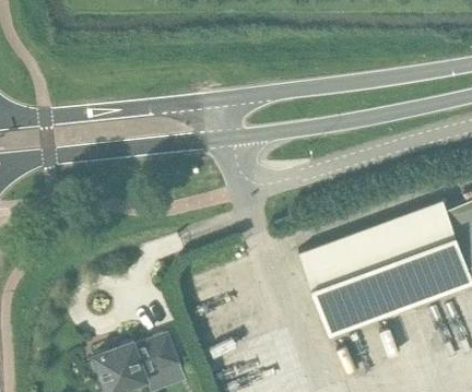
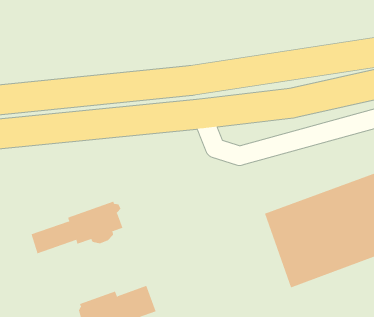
building: none -> [31,201,123,254]

